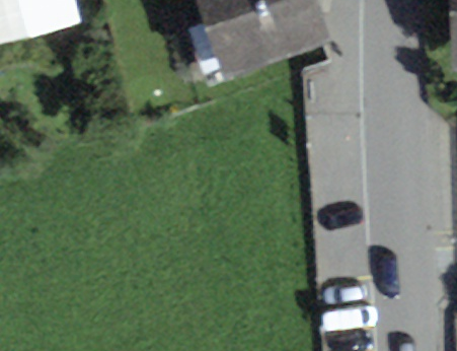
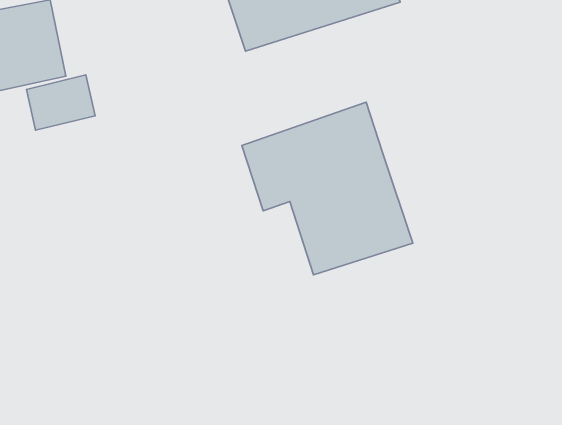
building: none -> [242,102,413,275]

